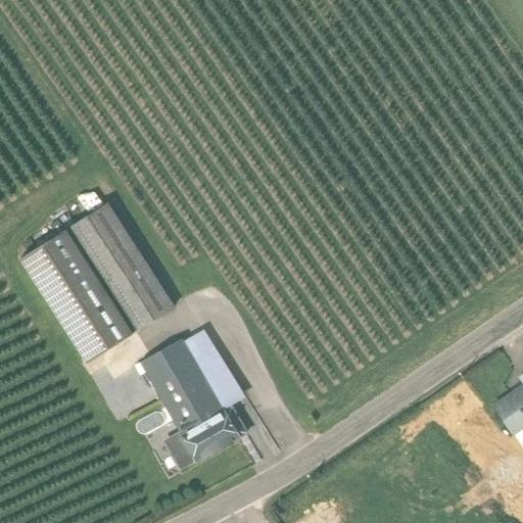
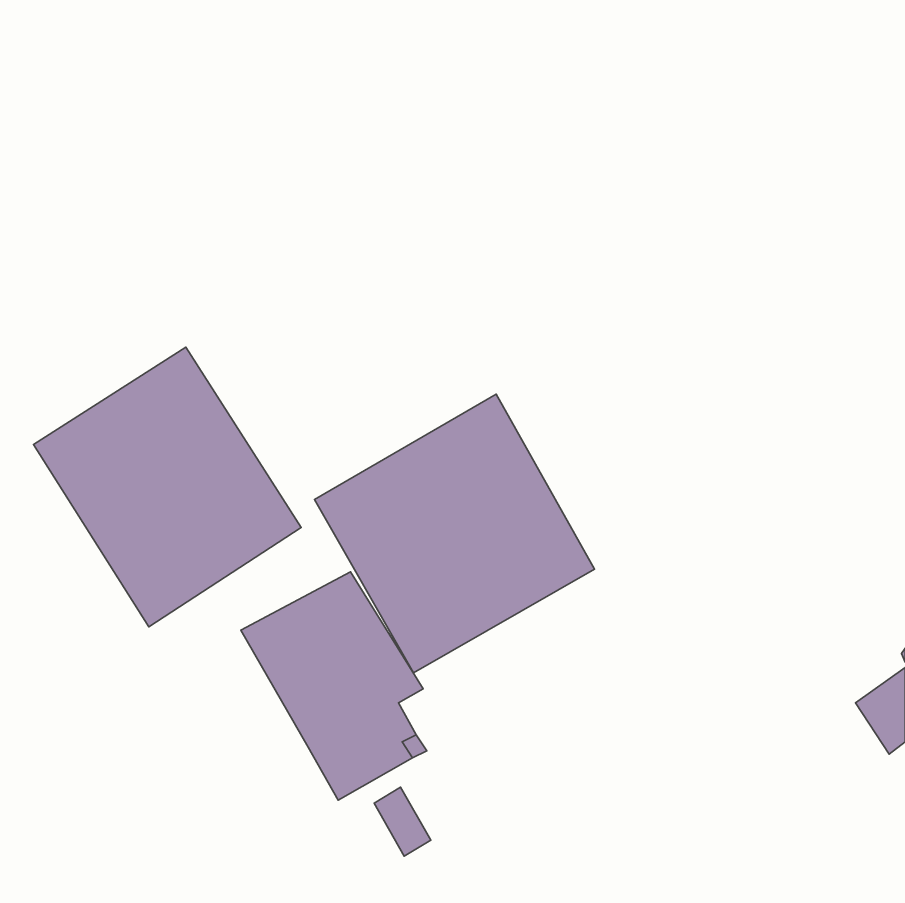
building: none -> [314,394,595,673]
building: [162,431,195,471] -> [374,787,431,856]

